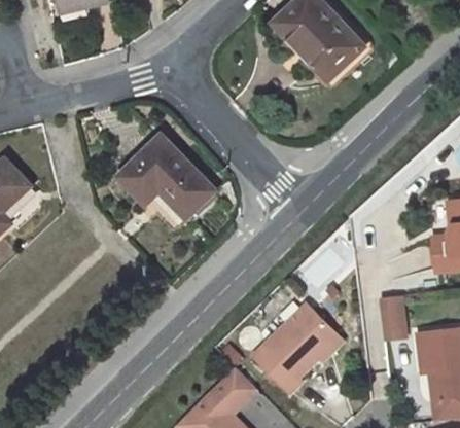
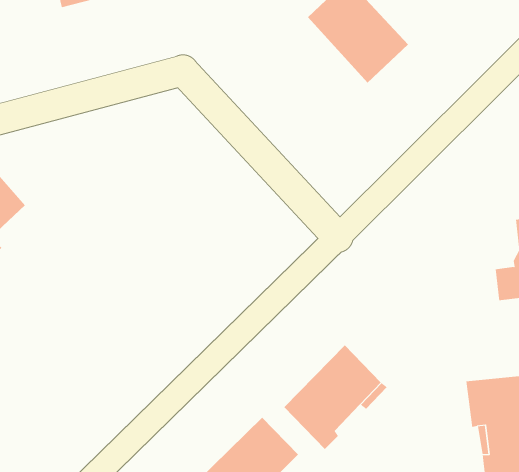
building: [117,133,213,215] -> none
building: [380,297,406,340] -> none

